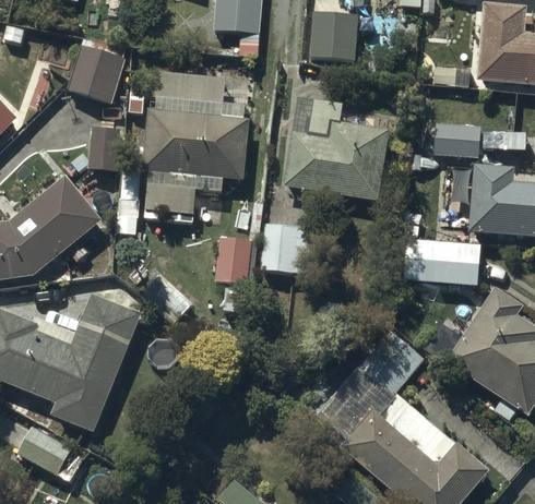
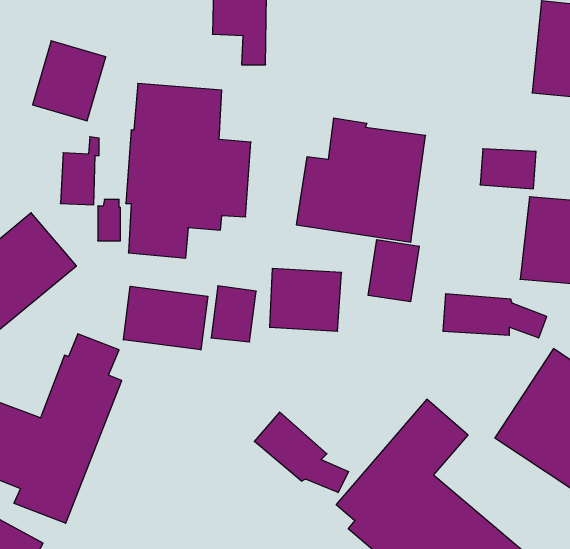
building: [310,15,355,60] -> none
building: none -> [368,240,419,302]
building: none -> [123,286,208,350]
building: none -> [254,412,348,493]

